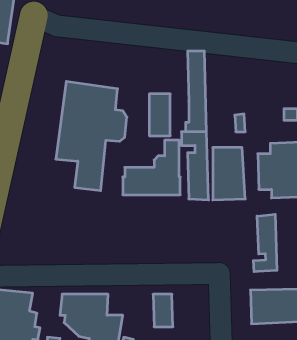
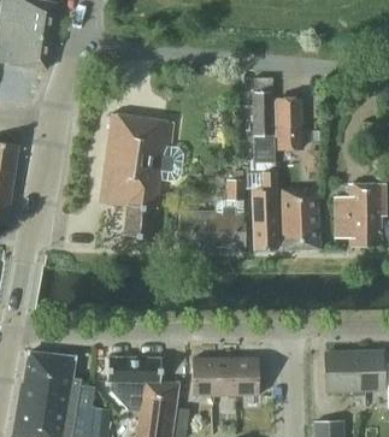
building: [149,94,170,136] -> [276,100,300,148]
building: [253,214,277,272] -> none
building: none -> [191,358,214,396]
building: none -> [235,358,258,395]

